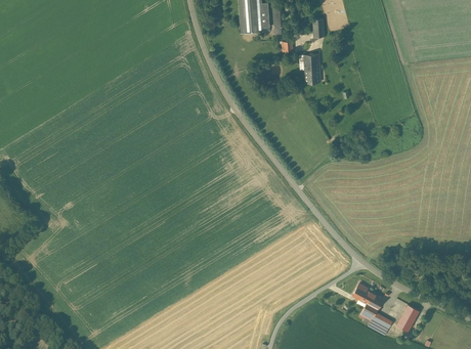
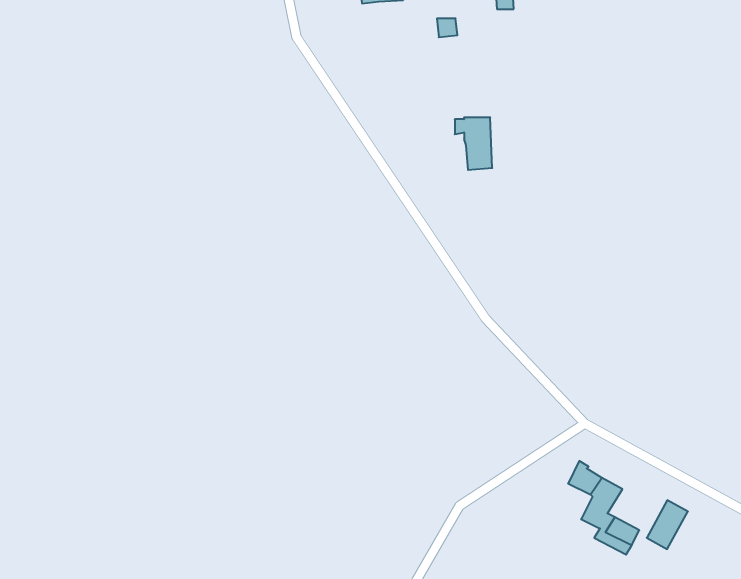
building: [299,54,319,83] -> [455,117,492,170]

